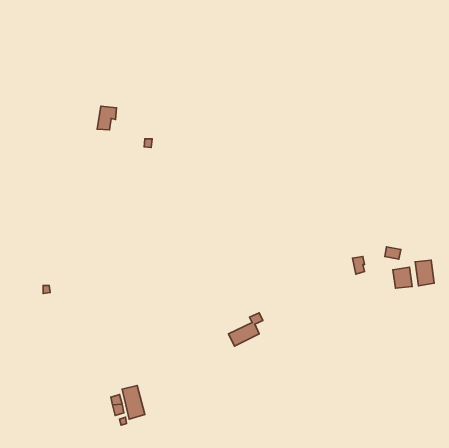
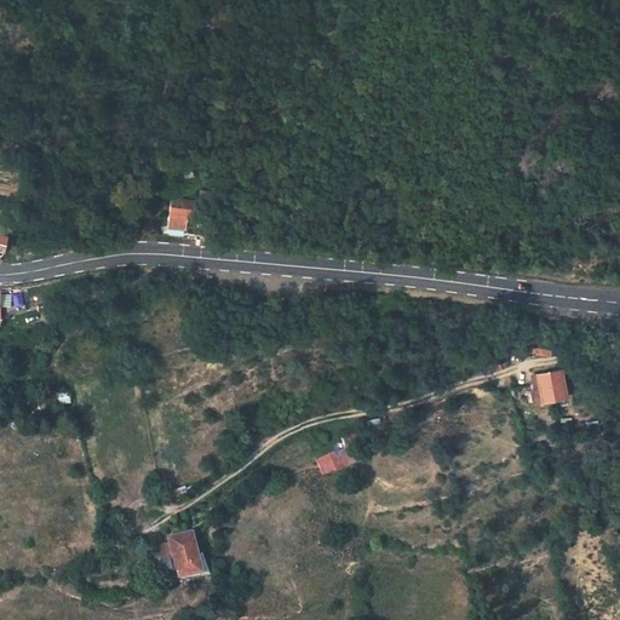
building: [97,106,117,130] -> [166,195,193,228]
building: [415,260,434,286] -> none

